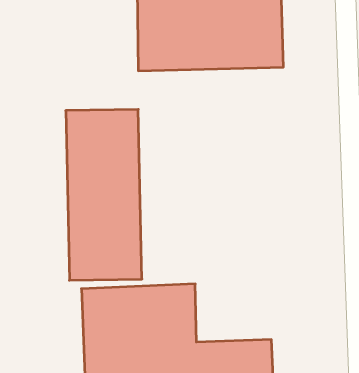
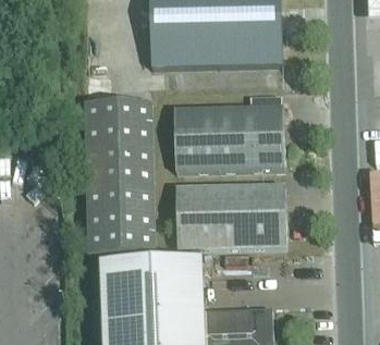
building: none -> [174,104,284,169]
building: none -> [176,183,286,246]

